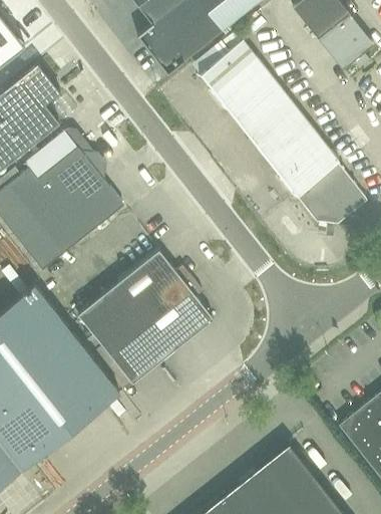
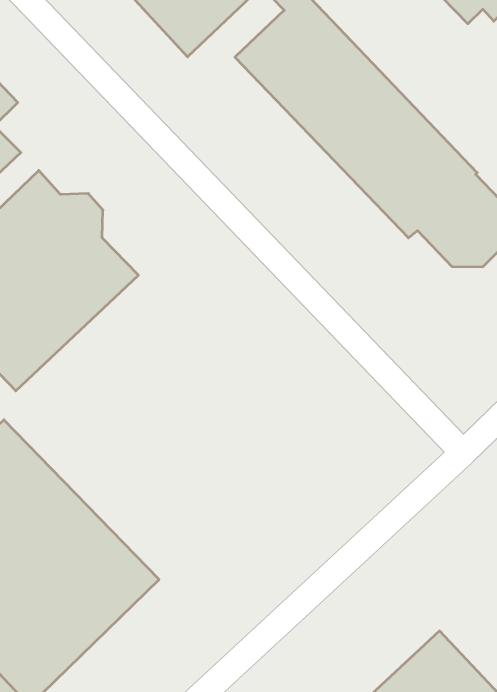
building: [77,251,214,384] -> none

